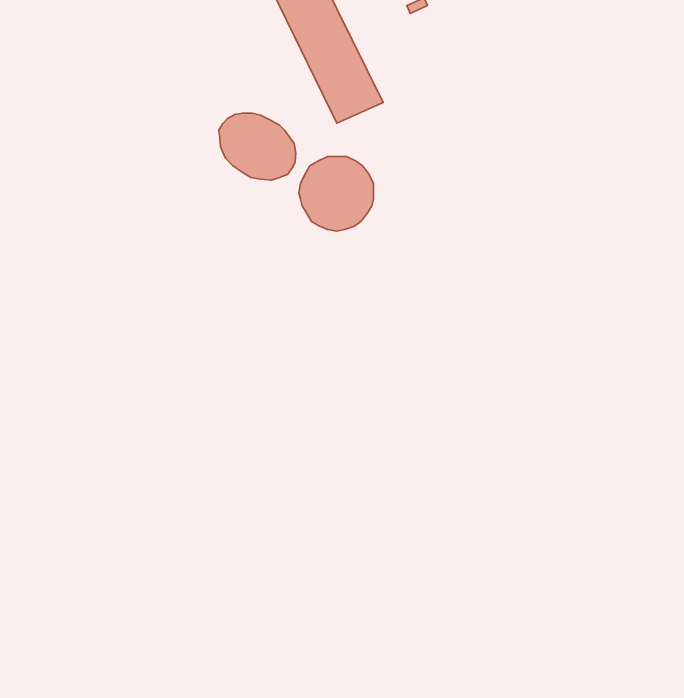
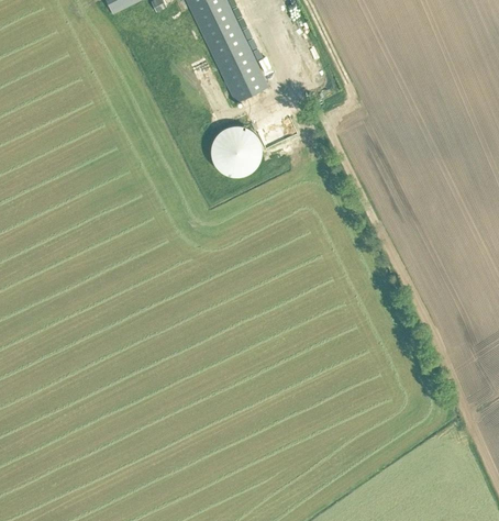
building: [219,113,296,180] -> none

